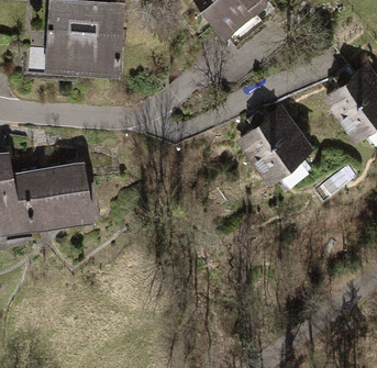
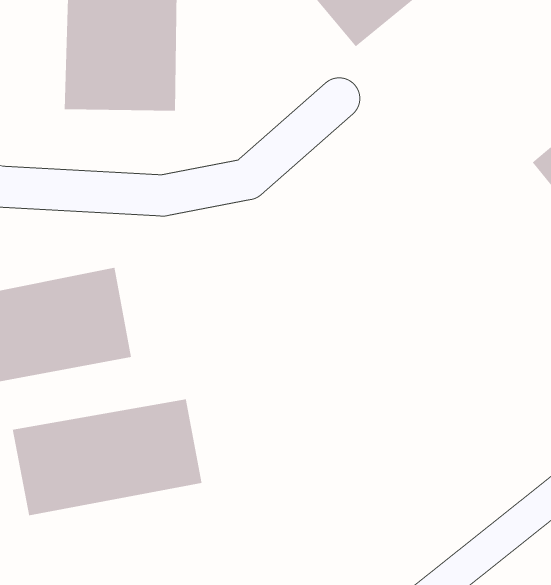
building: [244,115,309,177] -> none
building: none -> [12,398,202,516]

